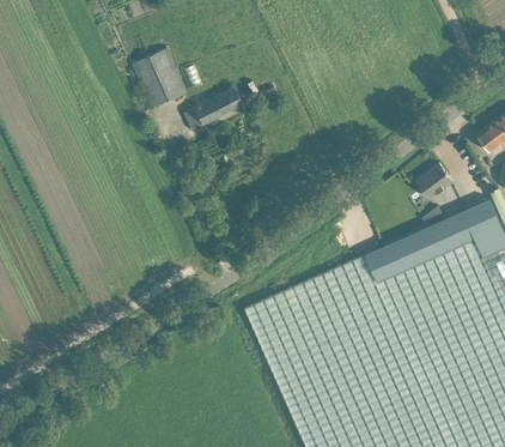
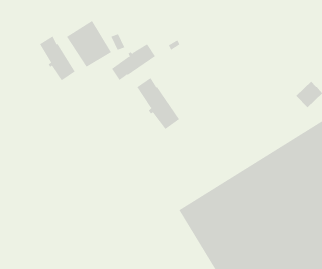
building: none -> [39,36,76,81]
building: none -> [137,77,180,130]

